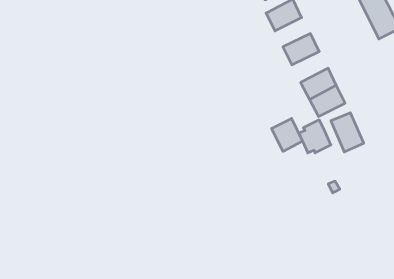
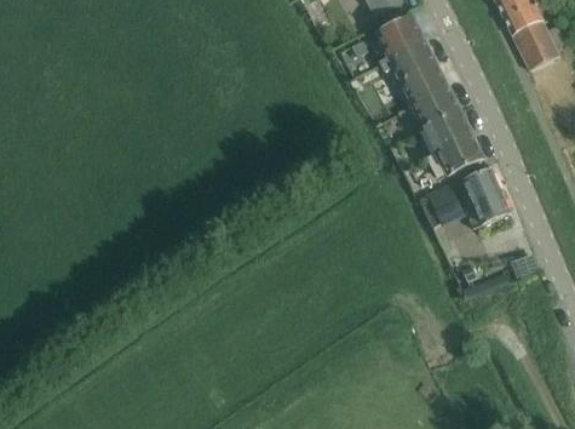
building: none -> [387,39,436,79]
building: none -> [410,85,459,126]
building: [272,118,302,151] -> none

